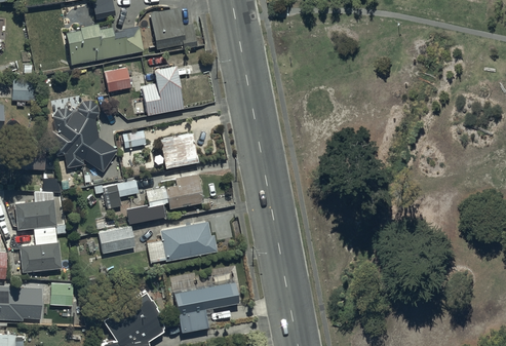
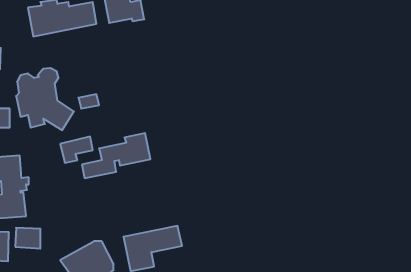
building: [142,65,184,116] -> none
building: [107,68,130,92] -> none
building: [159,132,197,168] -> none
building: [159,220,218,261] -> none
building: [98,226,134,253] -> none

